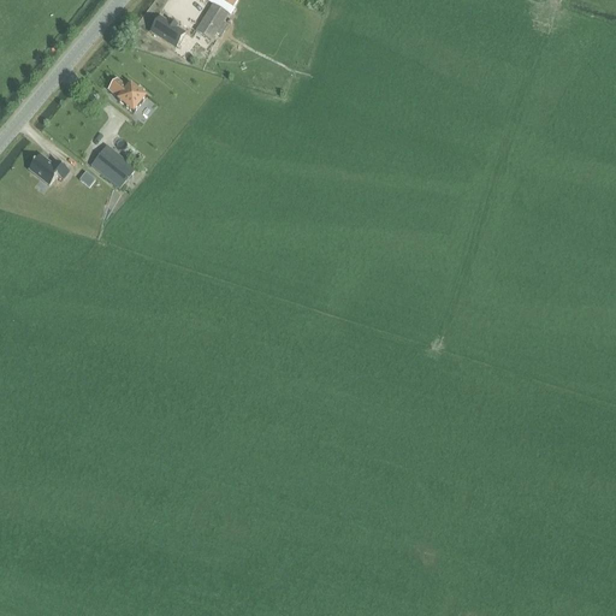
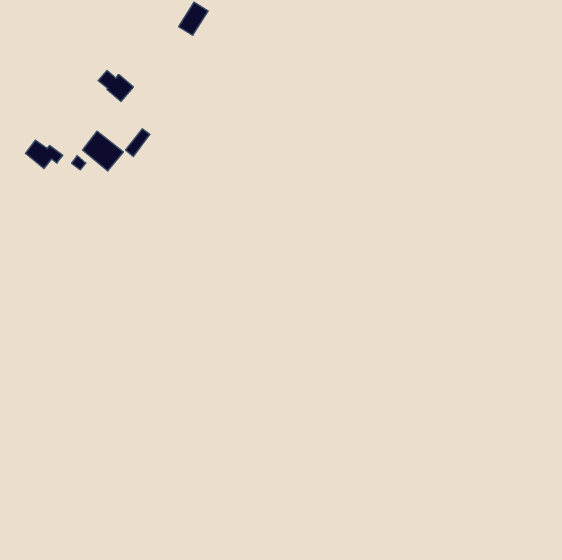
building: [150,16,184,46] -> none

